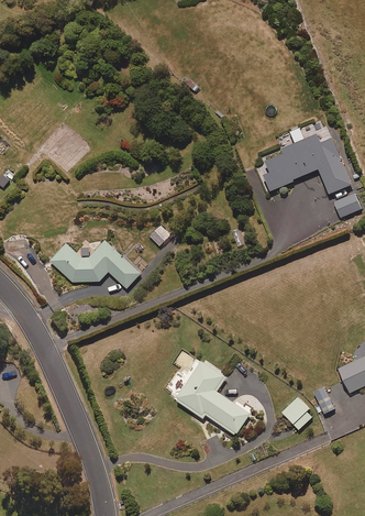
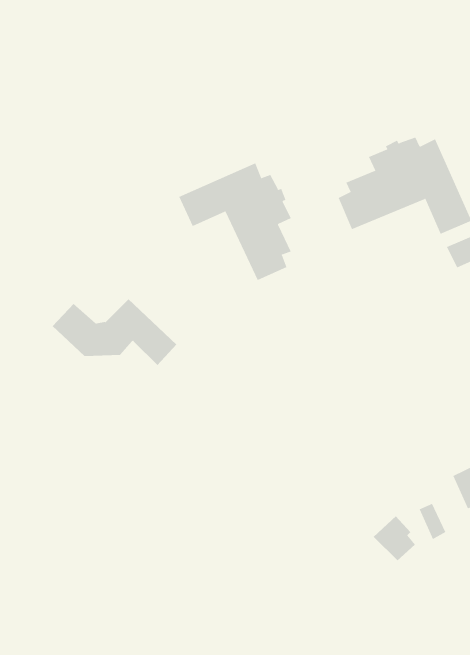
building: none -> [179,162,291,281]
building: [175,361,251,436] -> none

